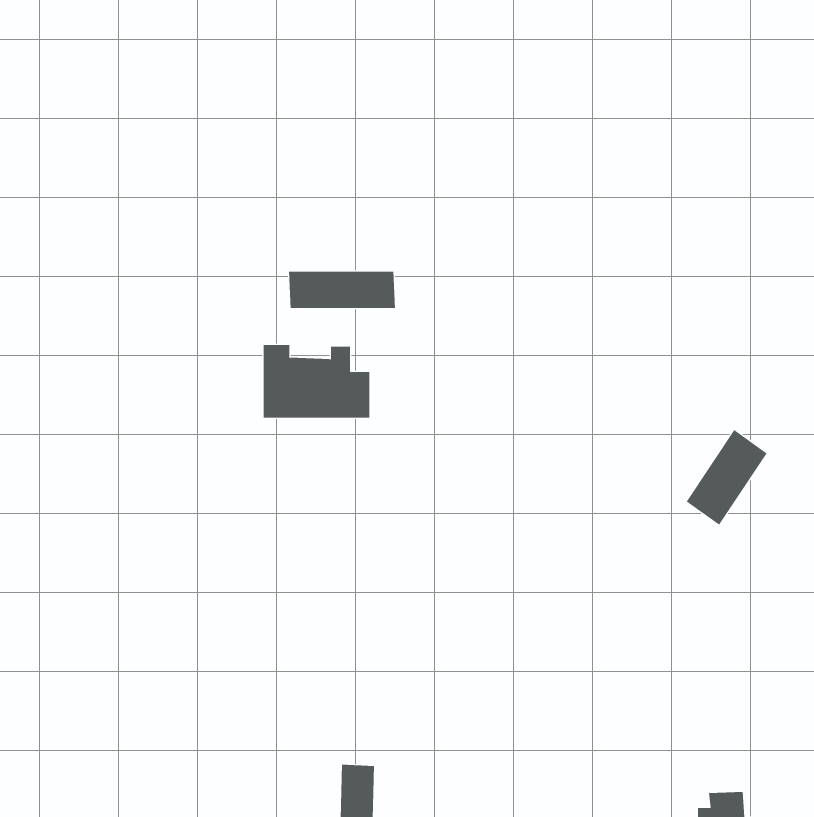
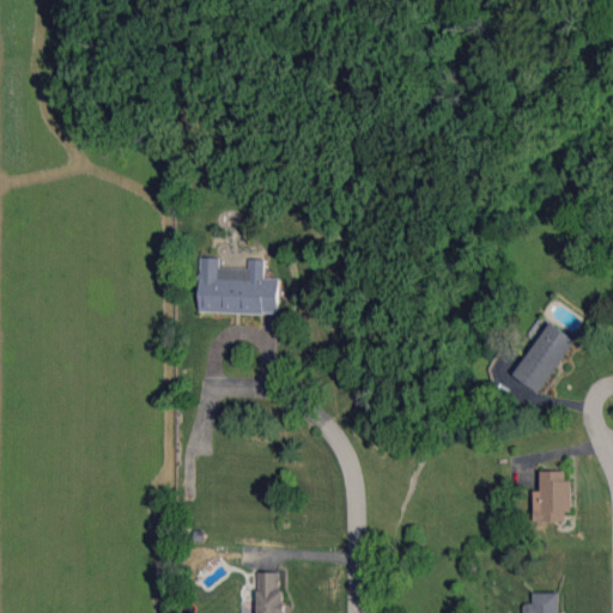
building: [288,271,396,309] -> none
building: none -> [530,472,569,522]

